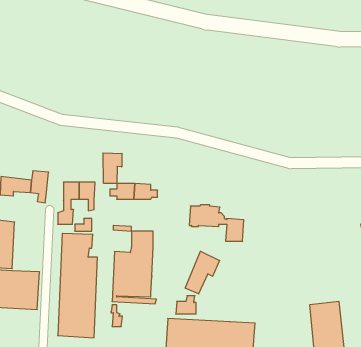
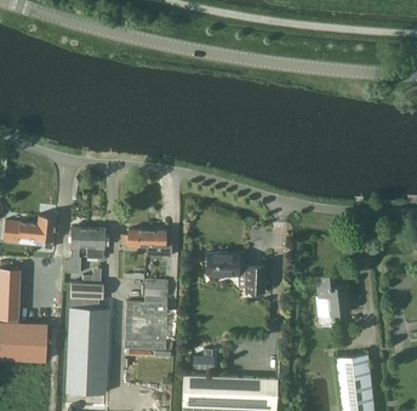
building: [103,153,122,183] -> none
building: none -> [316,276,349,315]
building: [185,251,220,294] -> none

